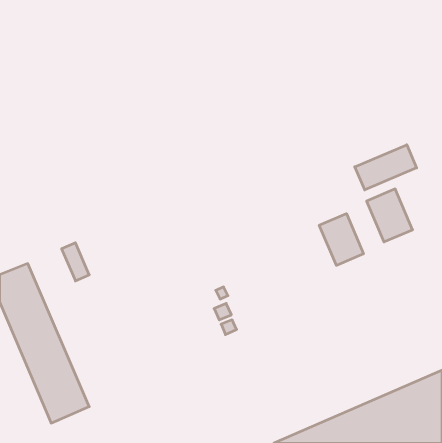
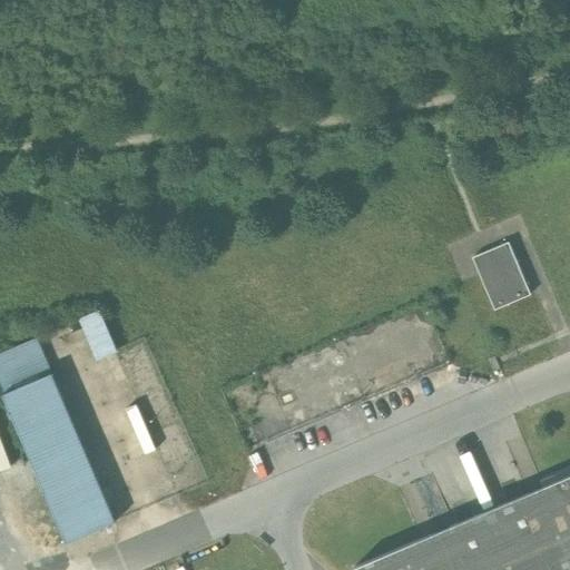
building: [355,145,417,190] -> none
building: [319,214,363,265] -> none

